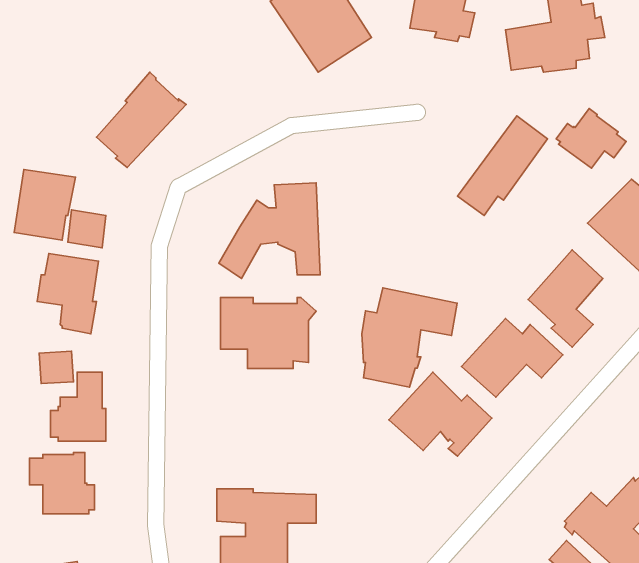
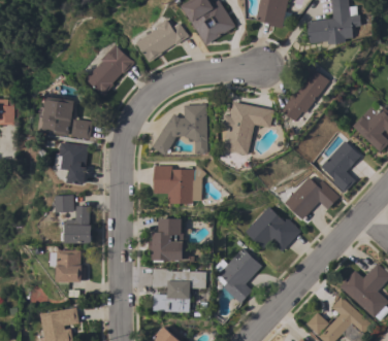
building: none -> [136,20,189,62]
building: [556,109,626,168] -> none
building: [362,288,457,387] -> [223,102,274,156]
building: none -> [149,218,194,263]
building: none -> [218,248,261,303]

